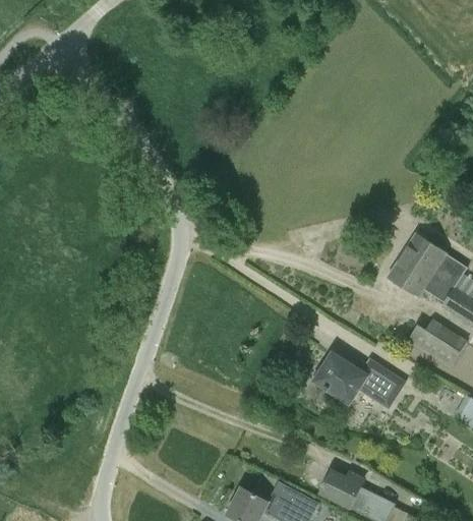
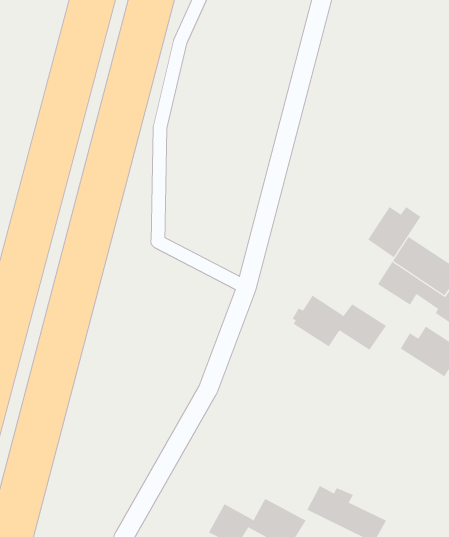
building: none -> [367,206,421,258]
building: [313,354,404,407] -> [292,295,387,350]

